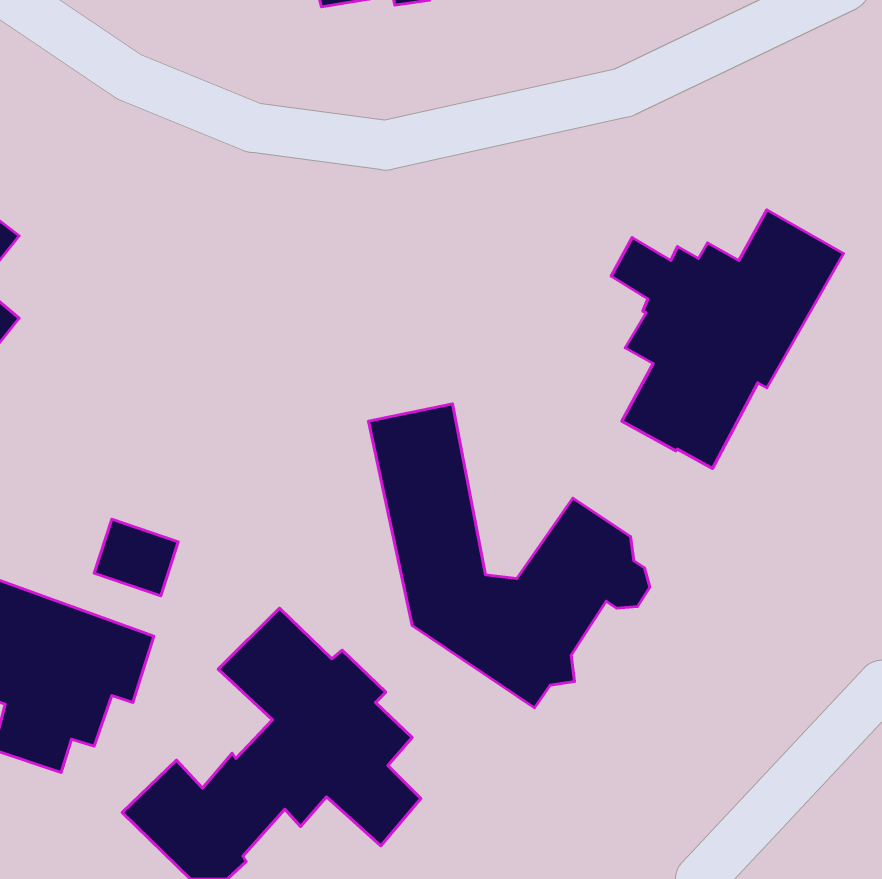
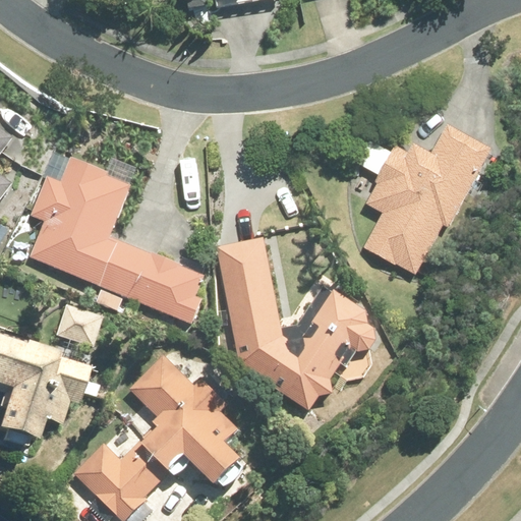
building: none -> [28,157,206,325]

